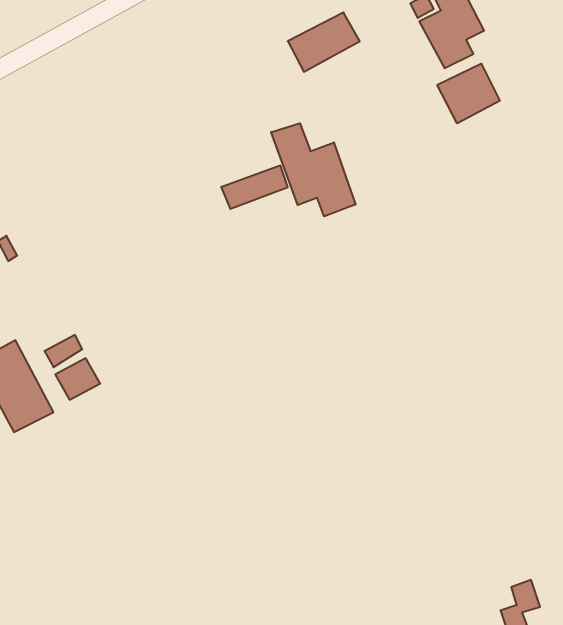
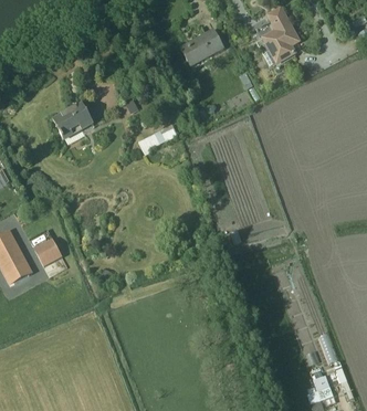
building: [437,64,500,123] -> none
building: [271,123,356,216] -> none
building: none -> [51,102,92,143]

